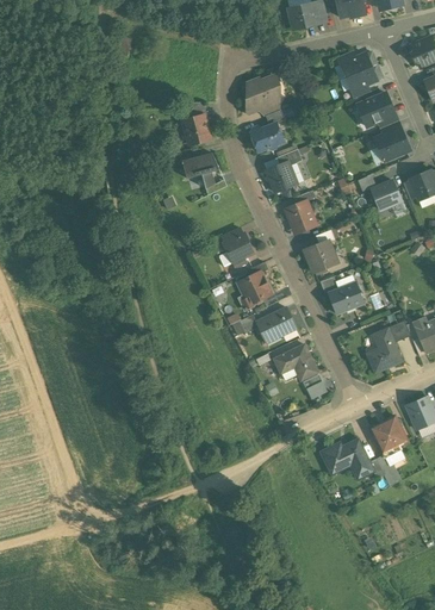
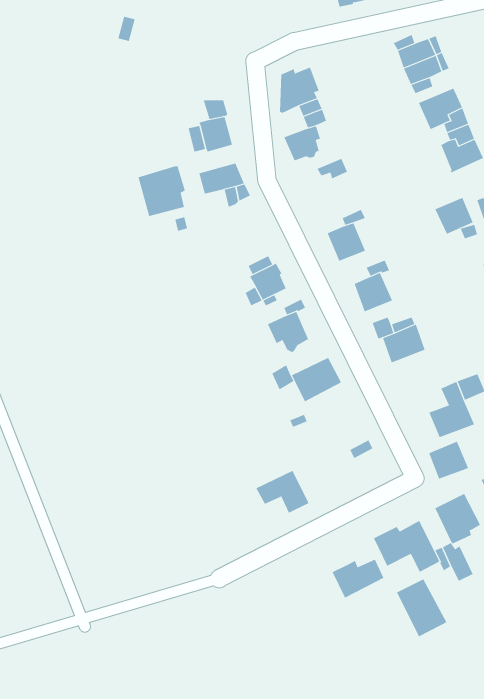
building: none -> [138,165,186,217]
building: [266,161,296,192] -> none
building: [274,344,317,379] -> [256,470,309,514]
building: none -> [428,441,469,480]
building: none -> [332,559,384,598]
building: none -> [396,579,447,637]

